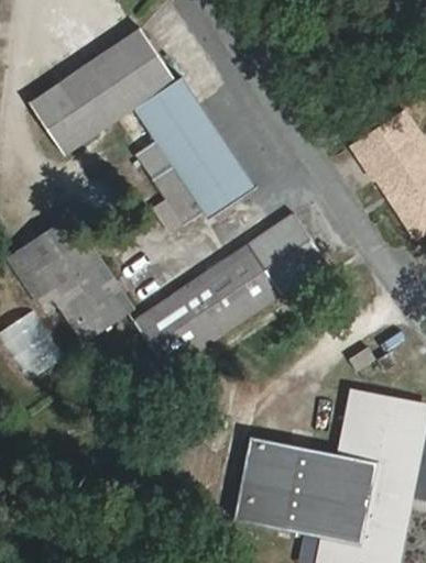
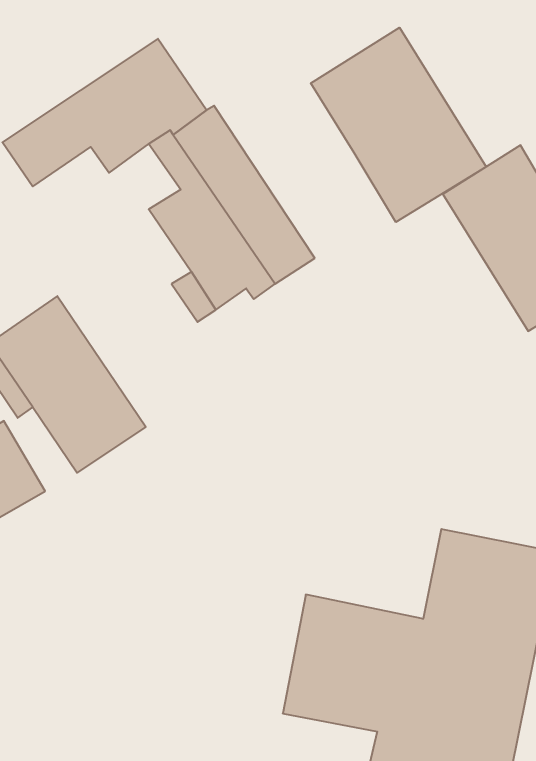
building: none -> [311,28,486,222]
building: [52,109,107,155] -> none
building: [133,217,328,373] -> none

